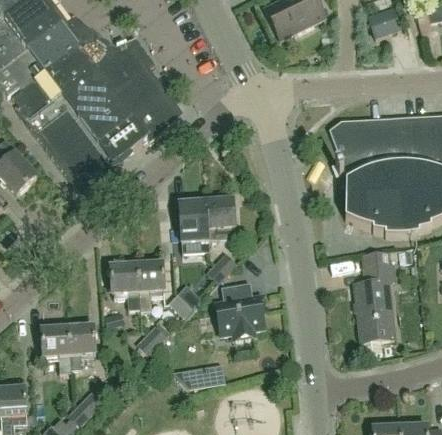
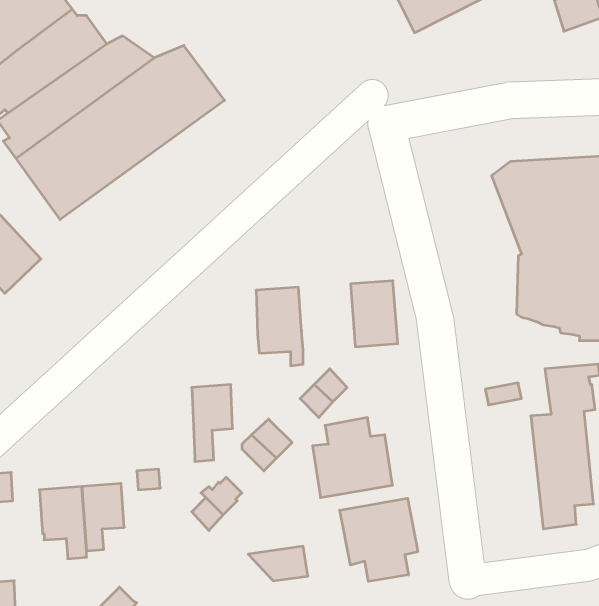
building: [54,80,183,195] -> none
building: [206,197,236,239] -> [351,281,398,347]
building: [110,263,140,308] -> none
building: none -> [340,498,418,581]

